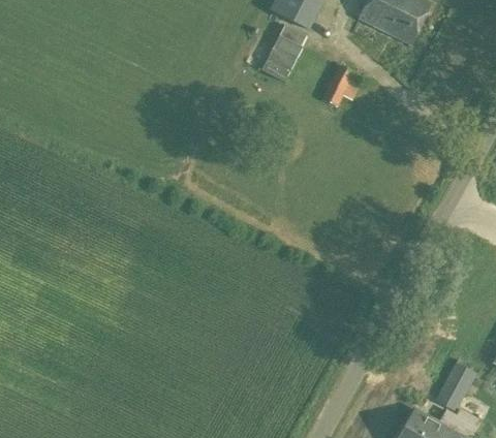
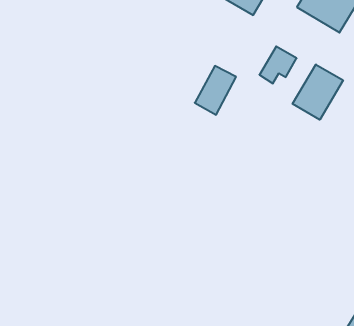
building: [261,23,308,80] -> [195,66,236,115]
building: none -> [293,64,343,120]

